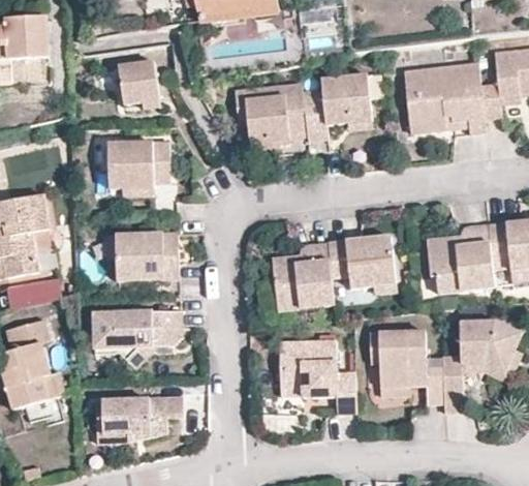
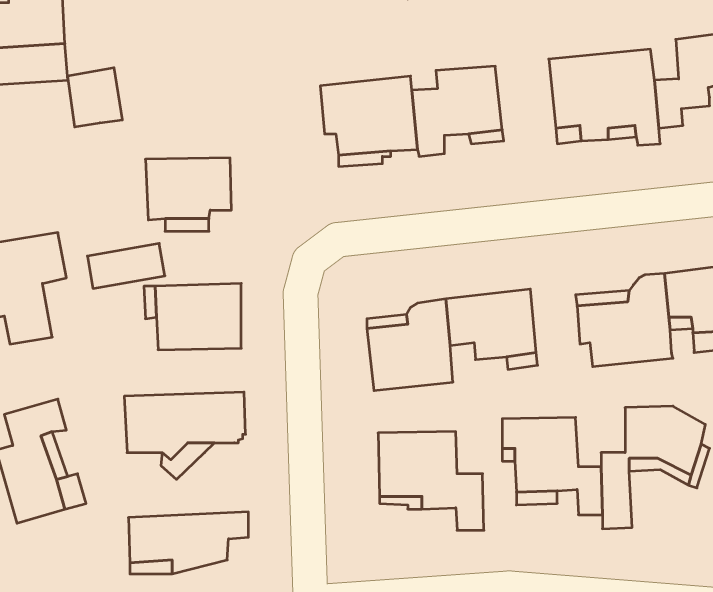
building: [120,59,160,102] -> [67,68,122,127]
building: [6,277,63,310] -> [87,243,165,288]

